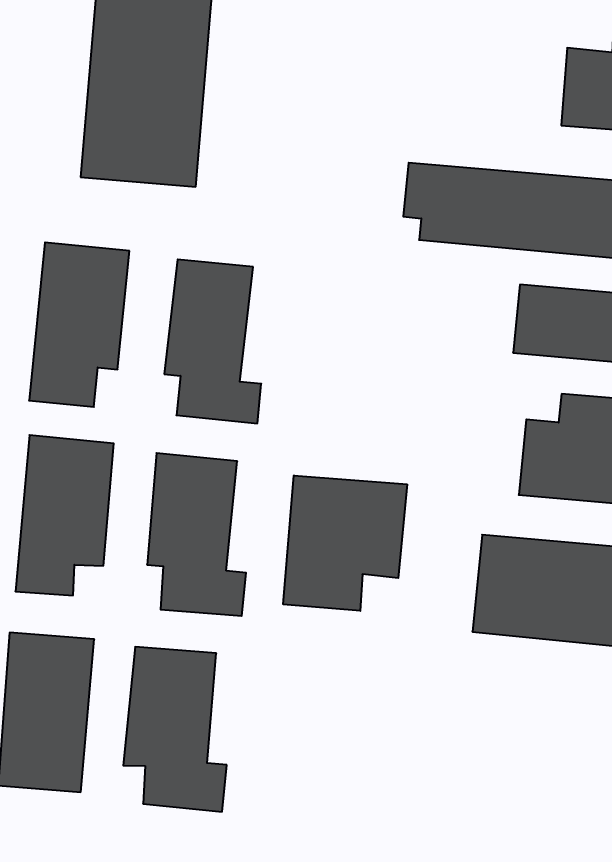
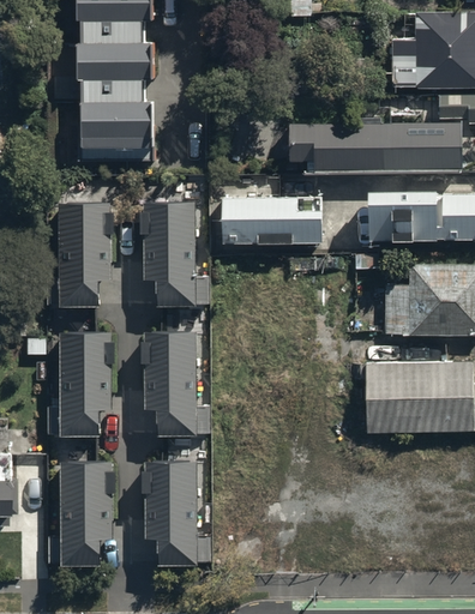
building: none -> [223,197,320,247]
building: [283,475,407,611] -> none

